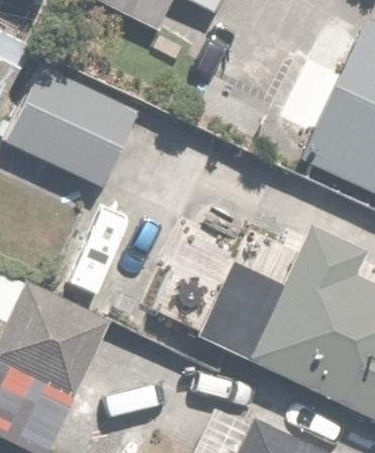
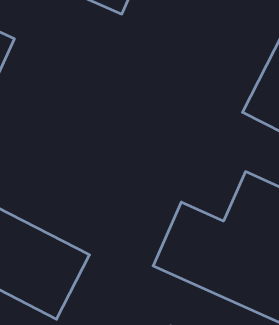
building: [9,69,138,186] -> none

